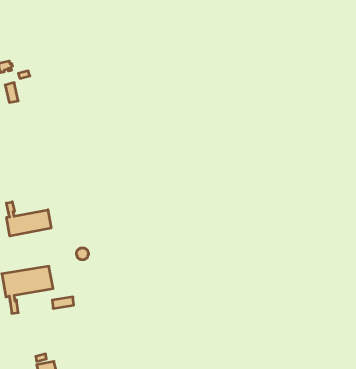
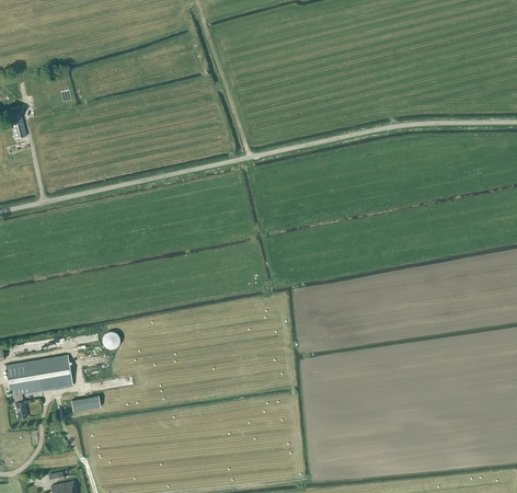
building: [6,202,51,236] -> none

